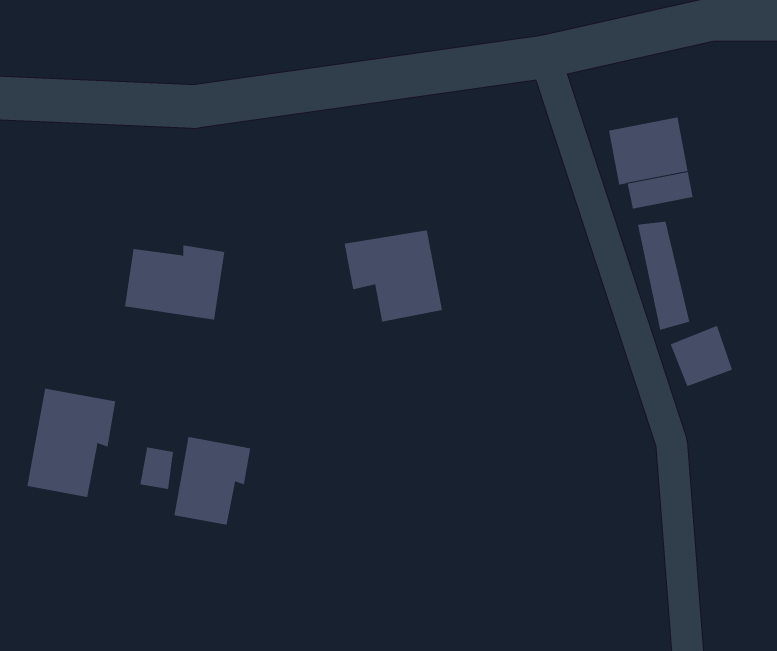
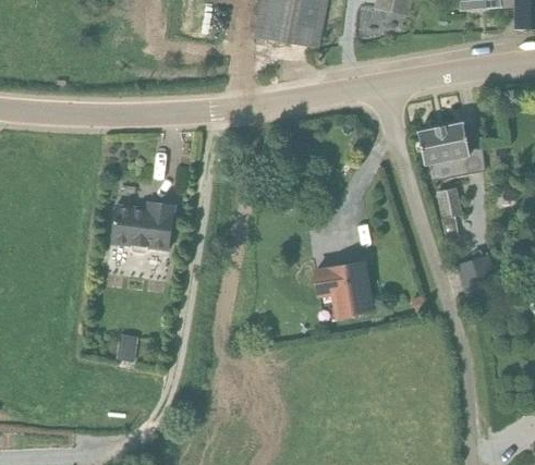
building: [344,230,443,322] -> [311,260,374,319]
building: [27,388,116,498] -> none
building: [174,436,251,526] -> none

